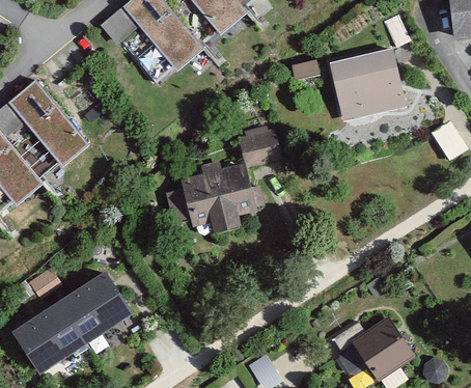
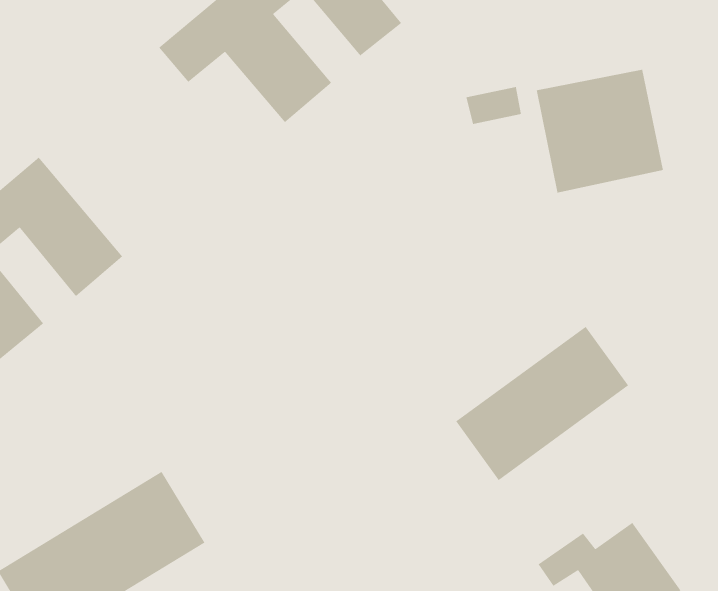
building: [162,126,276,229] -> none
building: none -> [455,326,629,481]

